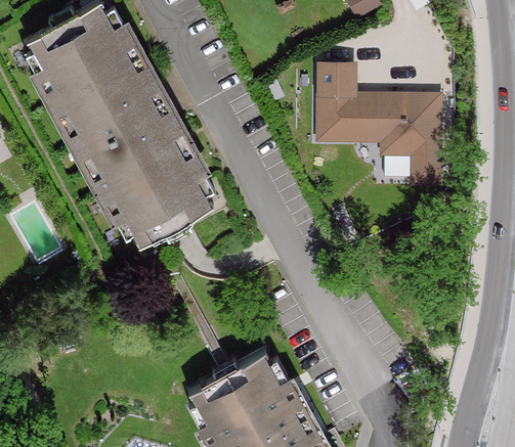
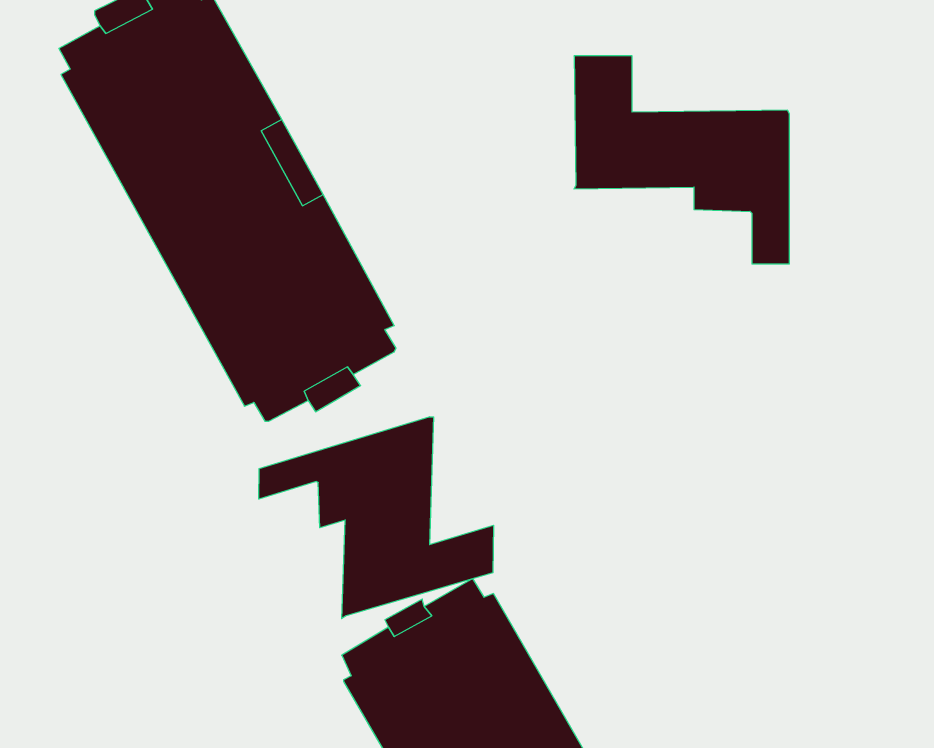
building: none -> [259,417,493,619]

